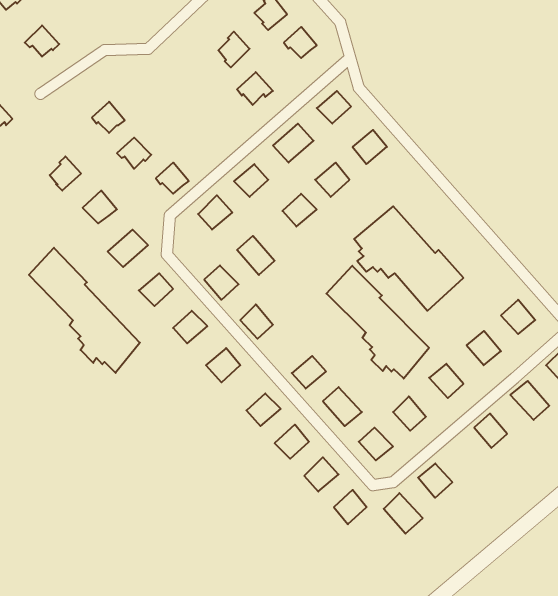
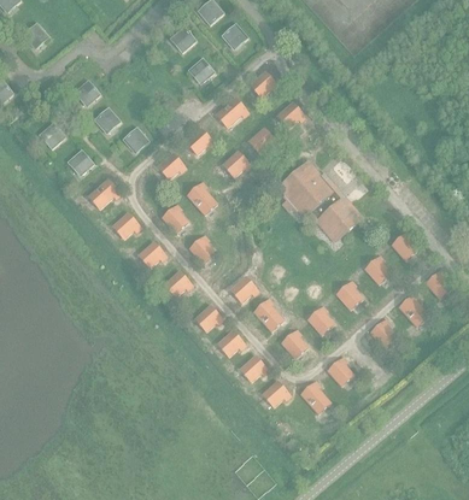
building: [29,248,140,373] -> none
building: [326,266,429,379] -> none

